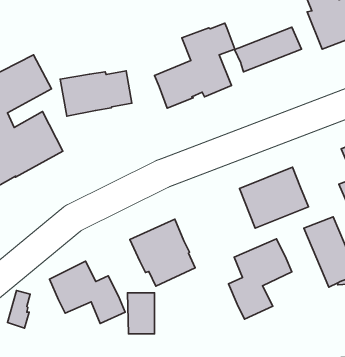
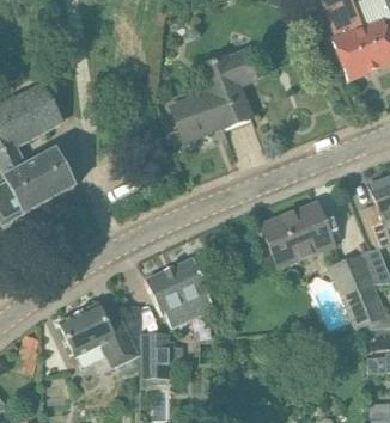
building: [235,27,301,72] -> none
building: [60,71,132,116] -> none
building: [228,239,292,319] -> none

